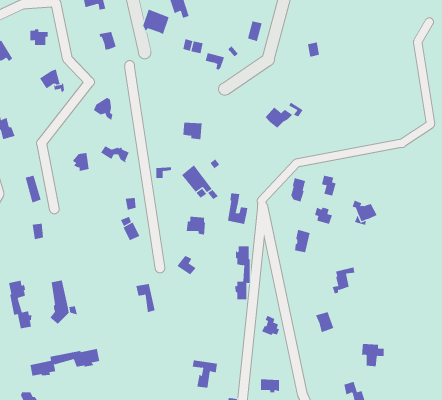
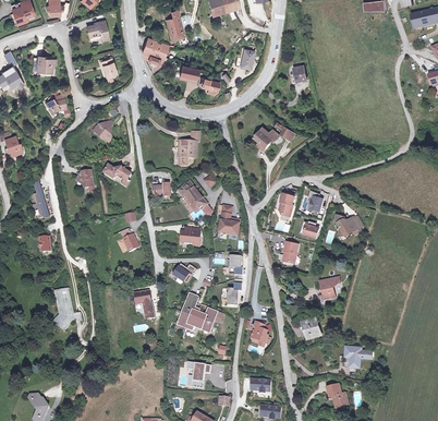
building: [9,280,32,329] -> none
building: none -> [179,296,223,333]
building: [30,348,100,376] -> none

